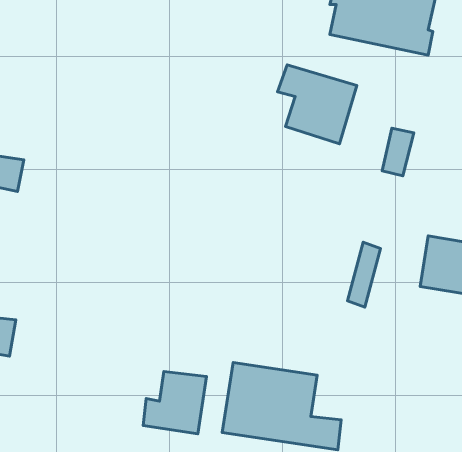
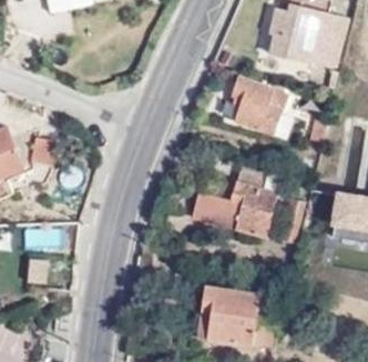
building: none -> [193,167,280,237]
building: [143,372,206,434] -> none

